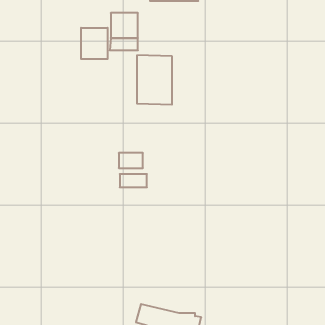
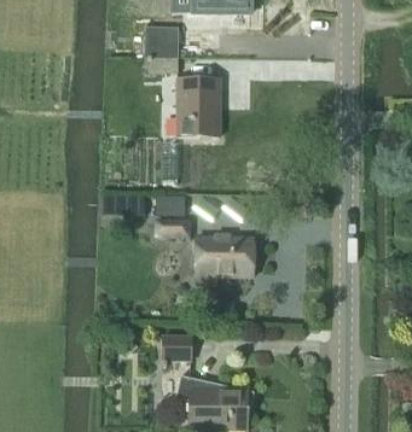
building: [81,28,108,59] -> none
building: none -> [195,235,253,281]
building: none -> [162,334,191,364]

